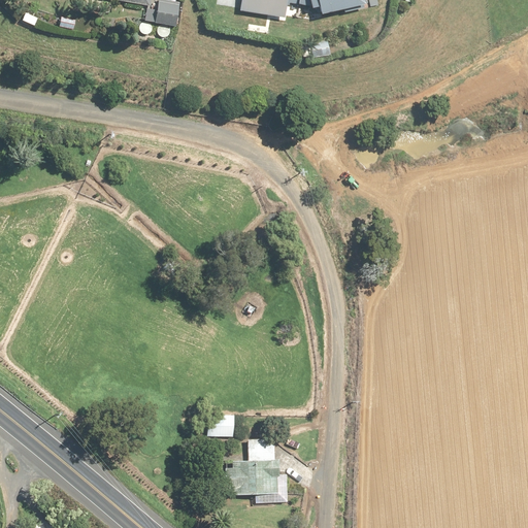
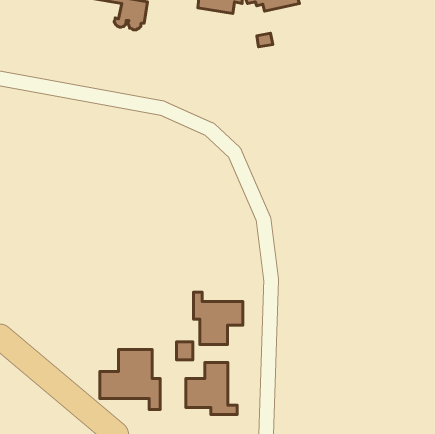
building: none -> [193,292,243,344]
building: none -> [100,349,160,410]

